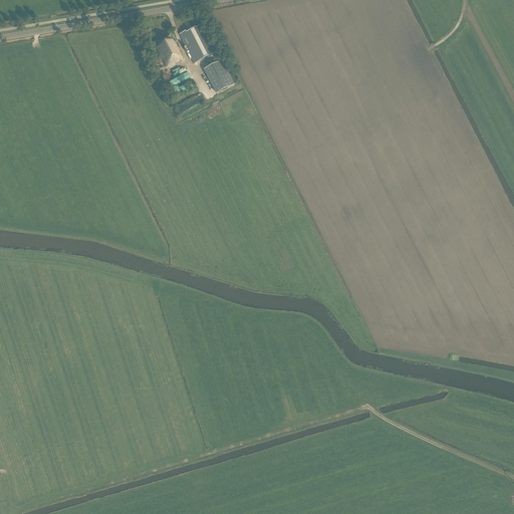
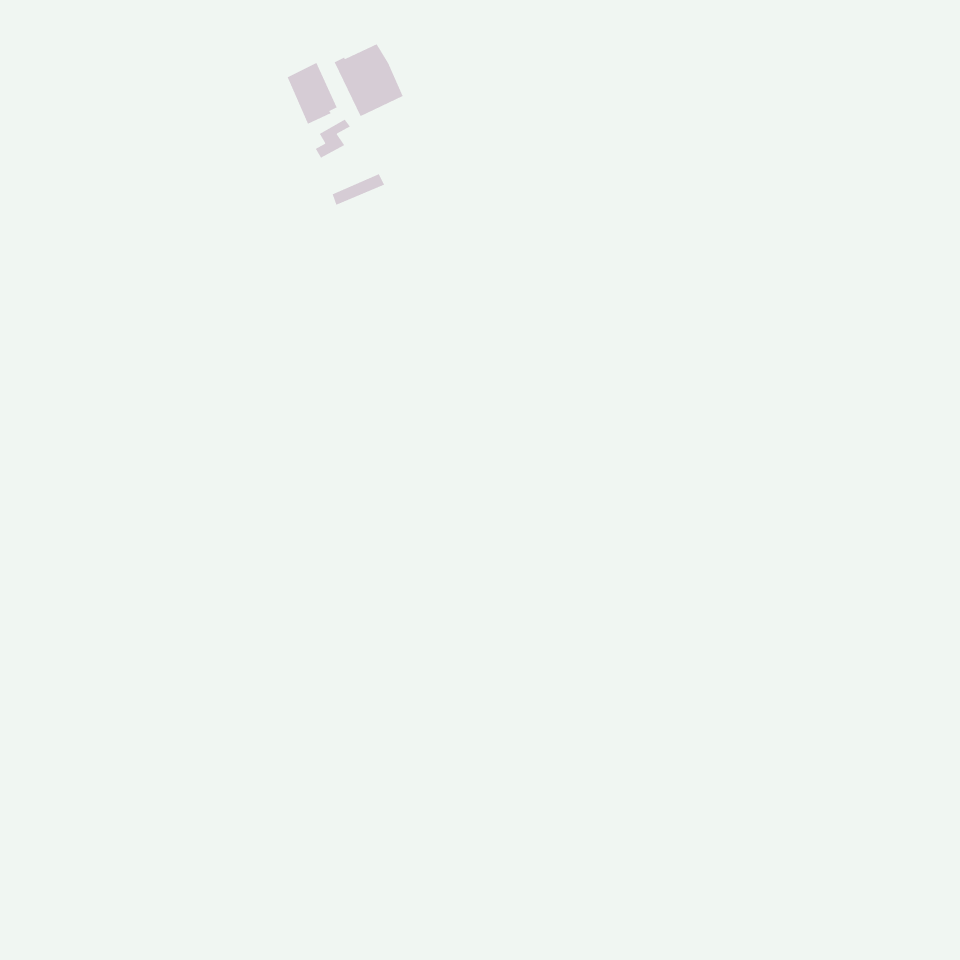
building: [201,59,233,93] -> none

